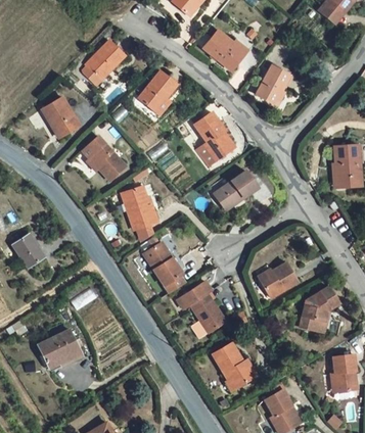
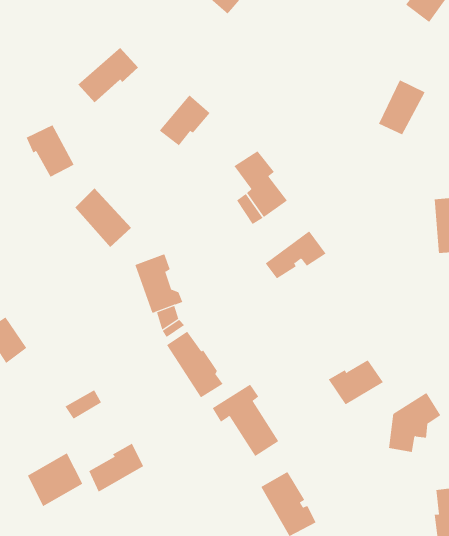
building: [199,28,239,68] -> none
building: [254,64,287,104] -> [378,79,425,135]
building: none -> [89,443,144,493]

